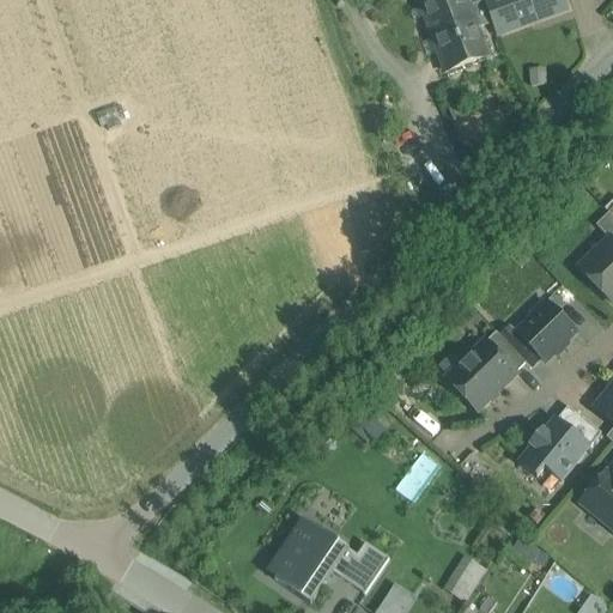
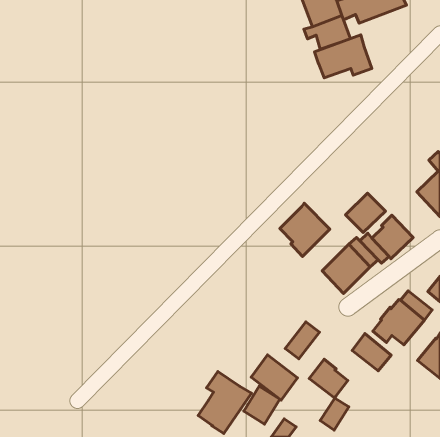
building: none -> [314,35,372,78]
building: none -> [345,193,385,232]
building: none -> [280,203,330,256]
building: none -> [352,334,391,371]
building: none -> [251,355,297,400]
building: none -> [309,359,348,398]

